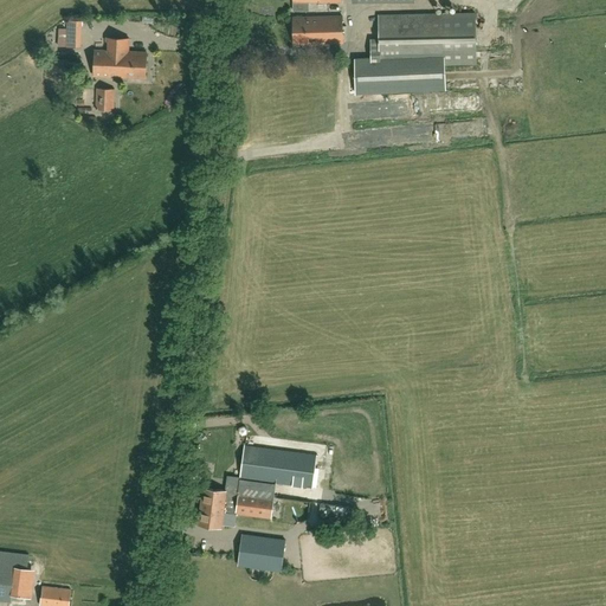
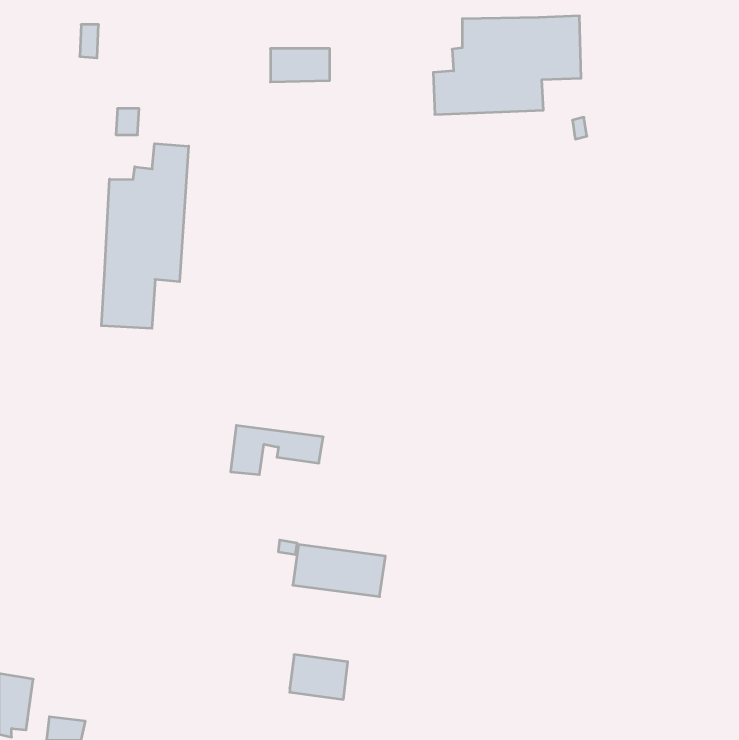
building: [292,17,341,44] -> [270,49,330,82]
building: [92,38,144,78] -> none
building: none -> [101,144,189,328]
building: [196,488,272,528] -> [231,425,323,475]

